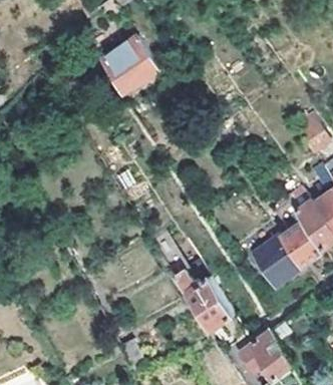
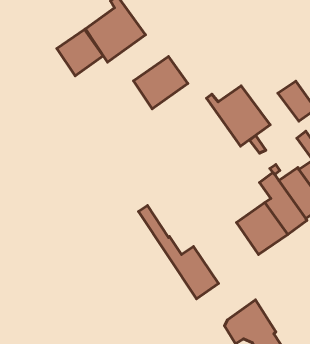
building: none -> [57,30,103,76]
building: none -> [134,56,188,109]
building: none -> [206,86,270,146]

